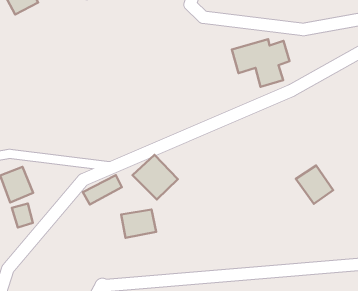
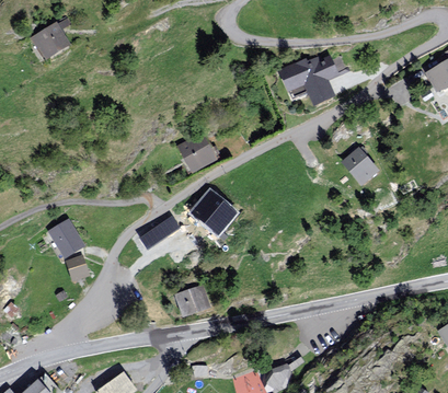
building: none -> [175,134,217,173]
building: [296,166,333,204] -> [342,146,382,186]
building: [121,210,156,238] -> [174,285,214,317]

